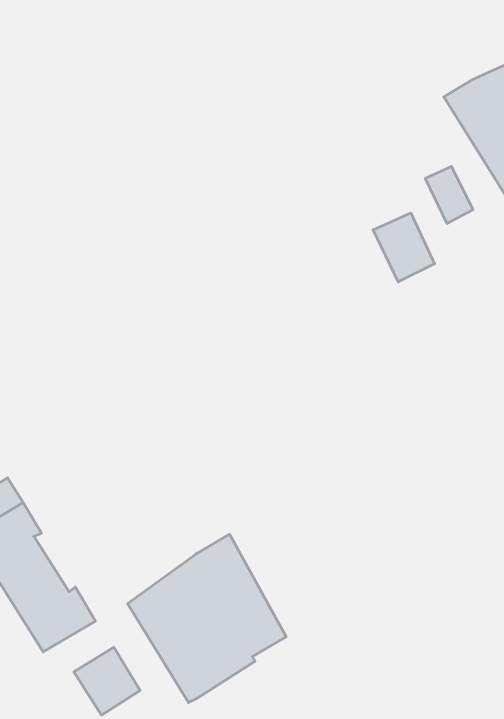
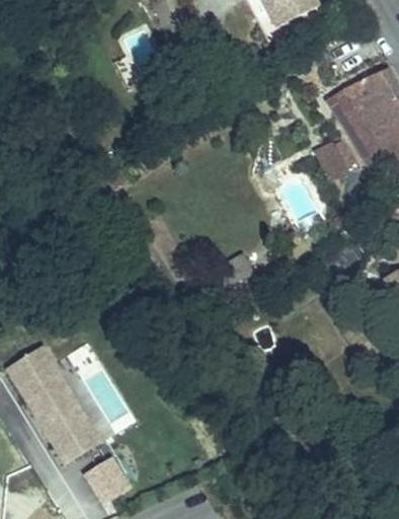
building: [373,213,435,282] -> none
building: [128,534,286,703] -> none

